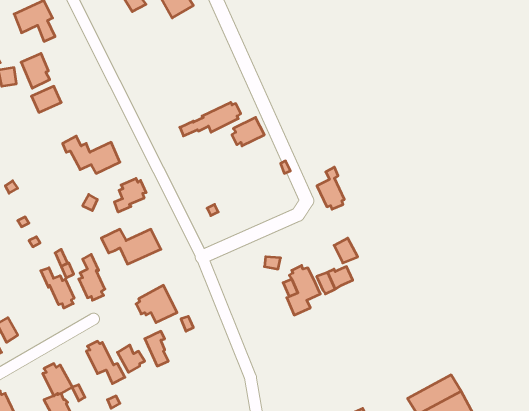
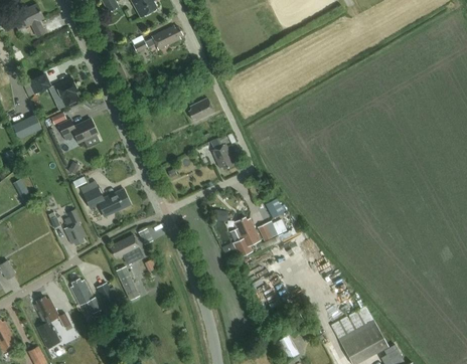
building: [21,53,50,88] -> [55,78,79,107]
building: [180,102,241,136] -> [133,26,182,53]
building: none -> [12,115,41,140]
building: [317,167,344,209] -> [211,136,233,170]
building: [114,178,146,212] -> none
building: [41,268,74,308] -> none

